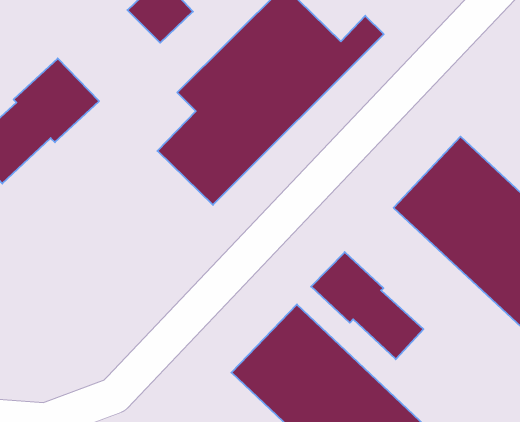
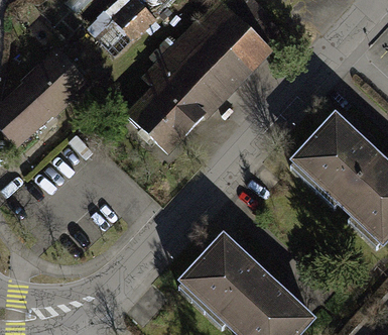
building: [311,252,423,359] -> none

